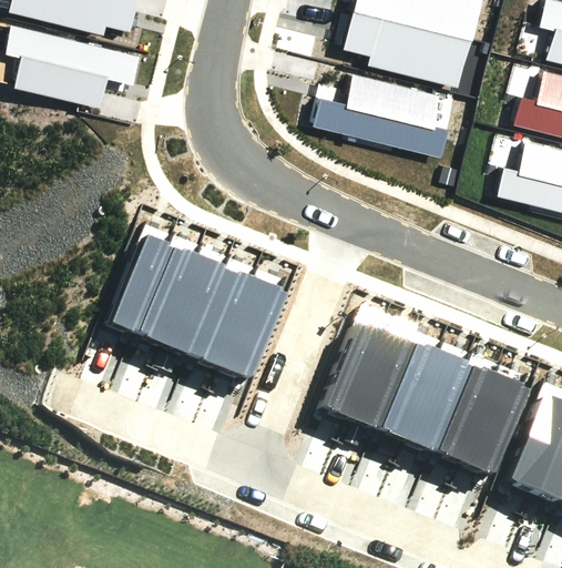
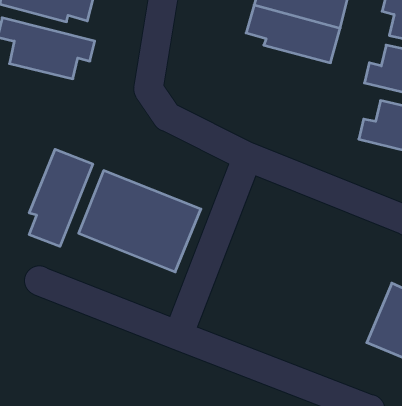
building: [315,75,452,156] -> none
building: none -> [29,149,93,246]
building: [328,318,530,473] -> none

